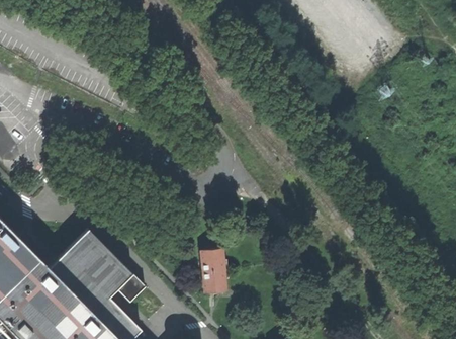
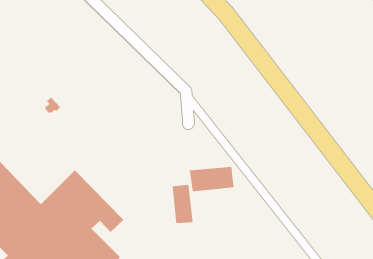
building: none -> [189,166,234,192]

